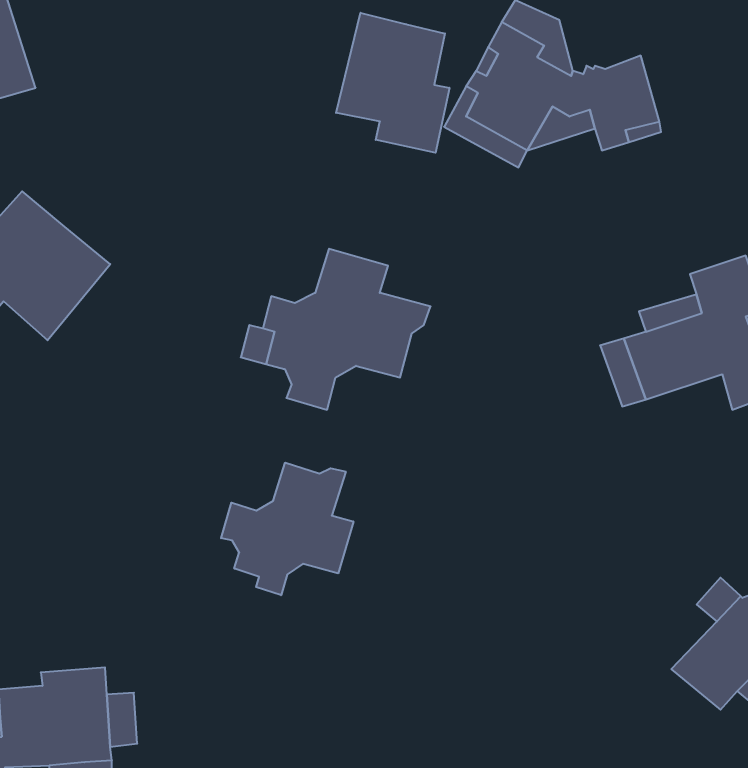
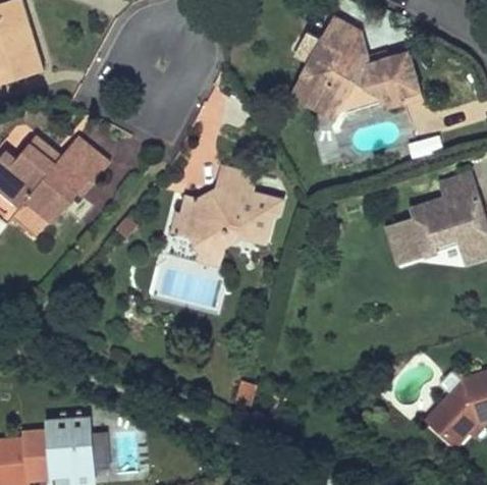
building: [336,13,449,153] -> none
building: none -> [60,132,110,181]
building: [221,463,353,595] -> none

